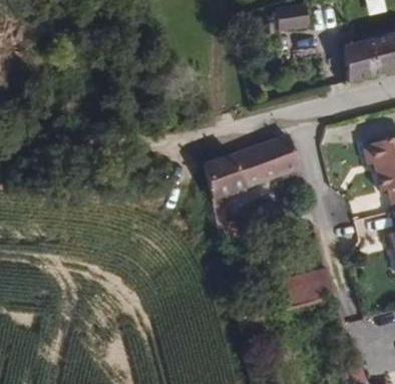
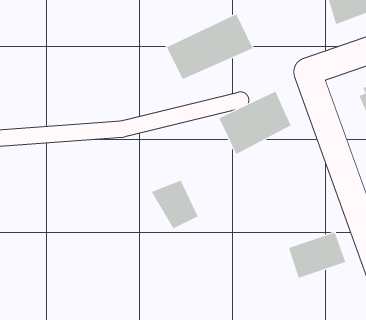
building: none -> [166,13,253,80]
building: [209,154,249,198] -> [151,180,199,229]

